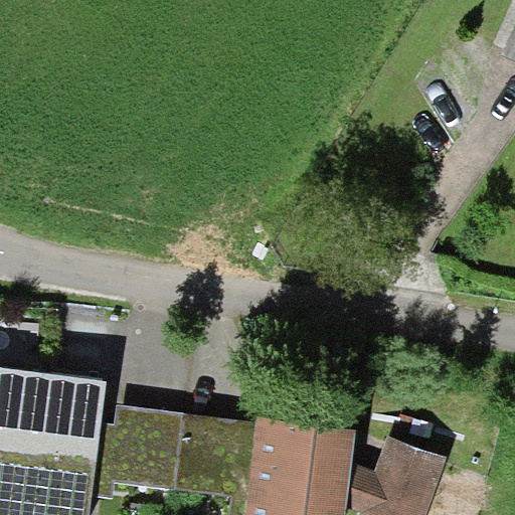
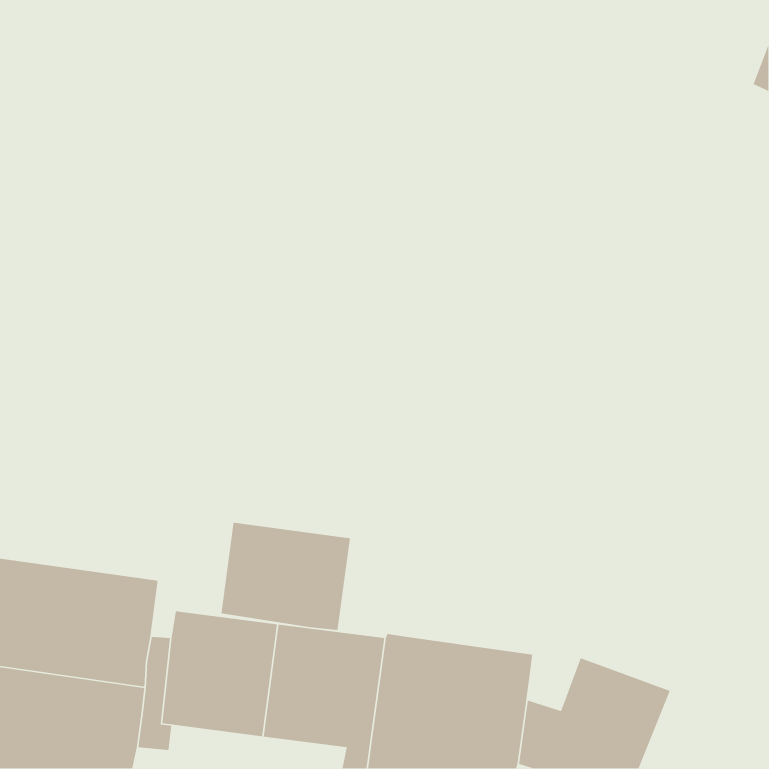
building: none -> [221,522,351,631]

